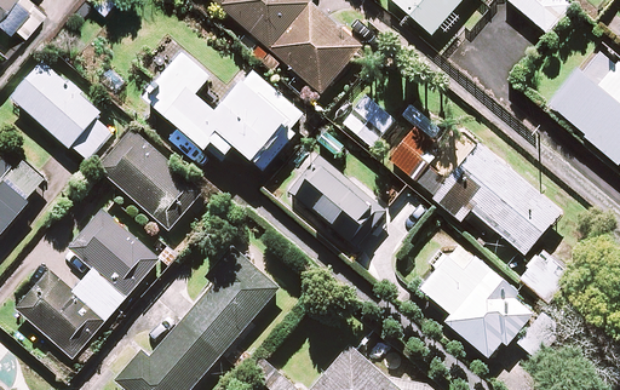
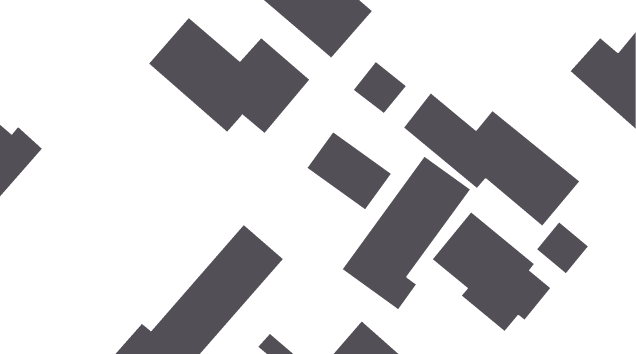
building: [10,62,113,160] -> none
building: [97,130,202,230] -> none
building: none -> [342,156,471,310]
building: [15,208,156,356] -> none

